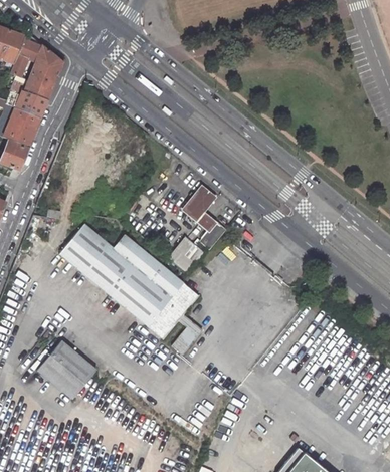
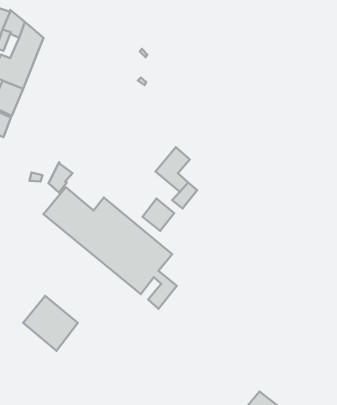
building: none -> [48,162,73,192]

